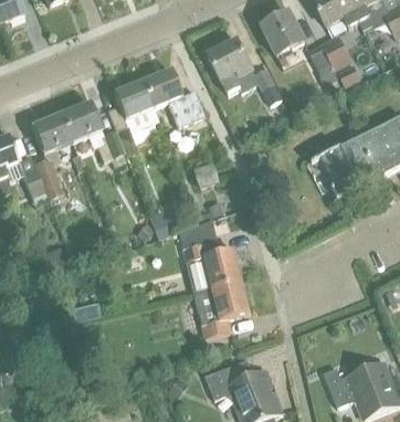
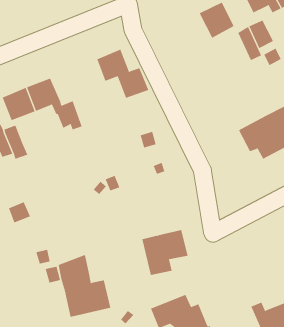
building: [208,39,282,103] -> none
building: [112,80,156,156] -> none
building: [179,218,242,292] -> [58,254,111,317]

